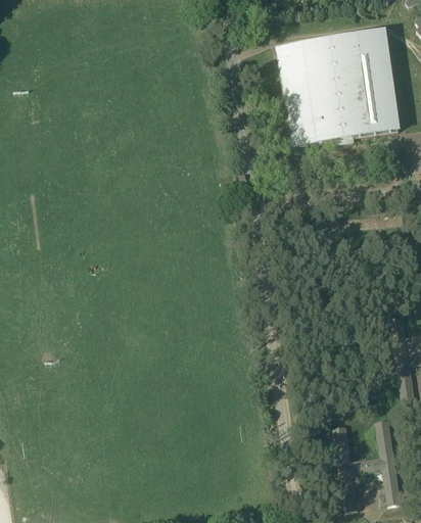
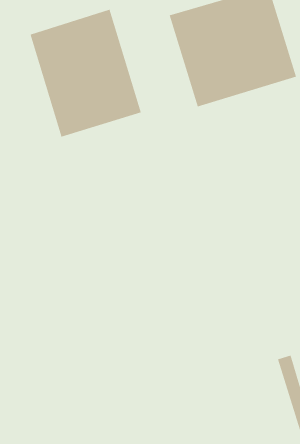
building: none -> [30,9,141,137]

